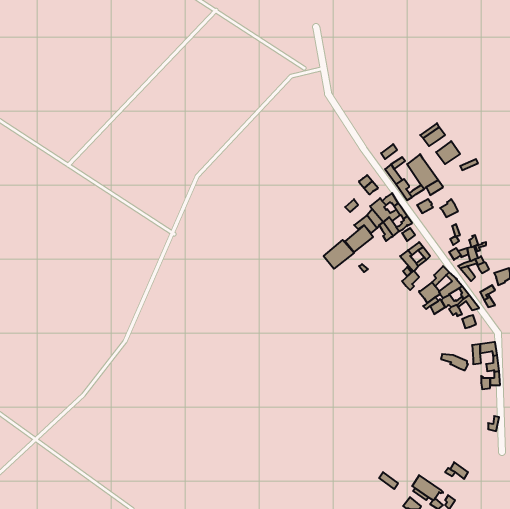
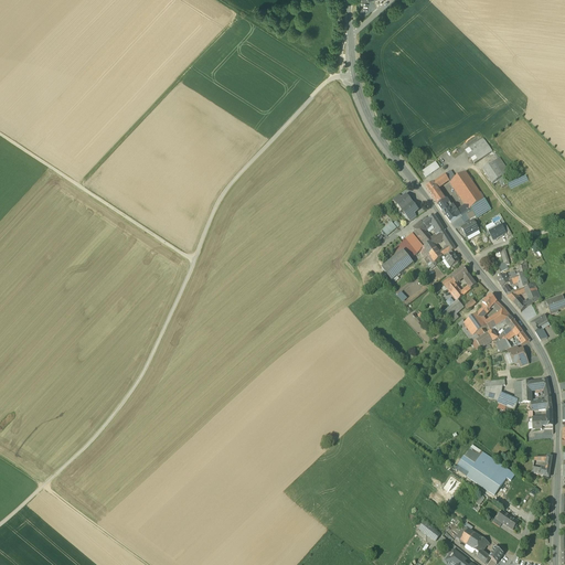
building: [324,240,354,269] -> none
building: none -> [457,444,510,494]

